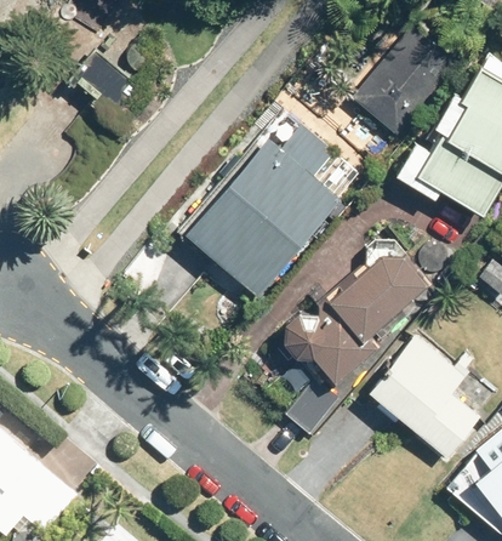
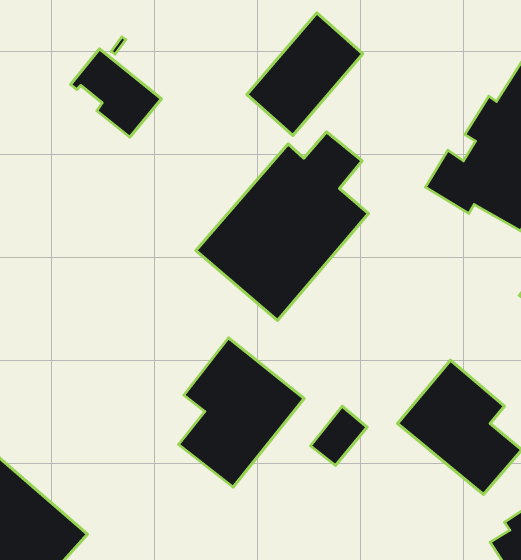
building: [354,22,461,135] -> [247,13,363,135]
building: [280,256,426,383] -> none
building: none -> [178,338,304,487]

